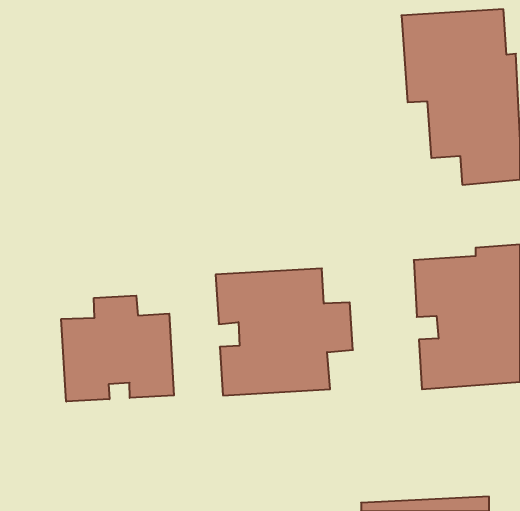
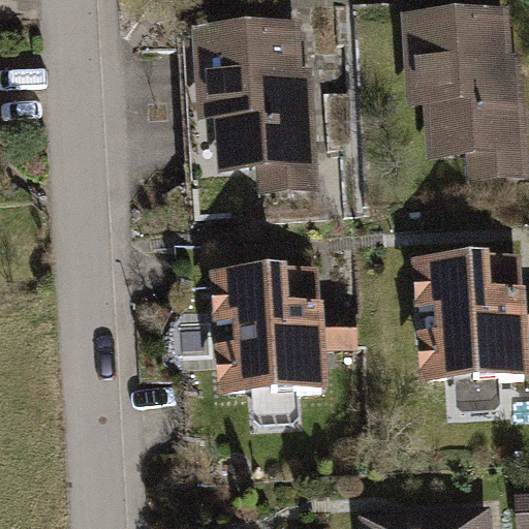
building: none -> [194,28,316,204]
building: [61,296,174,402] -> none

